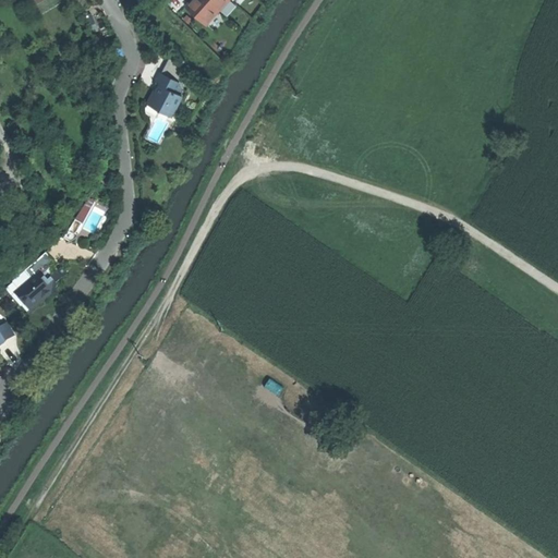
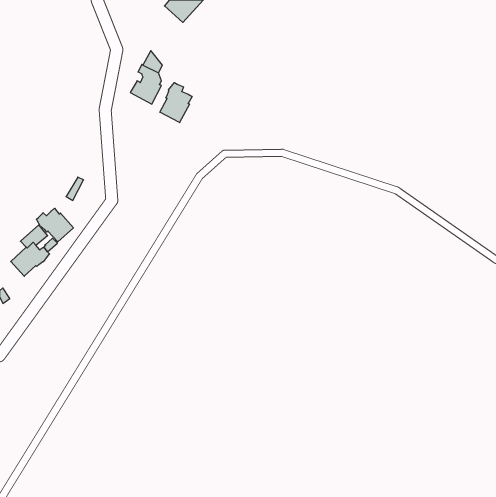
building: none -> [160,83,192,123]
building: none -> [36,208,73,242]

